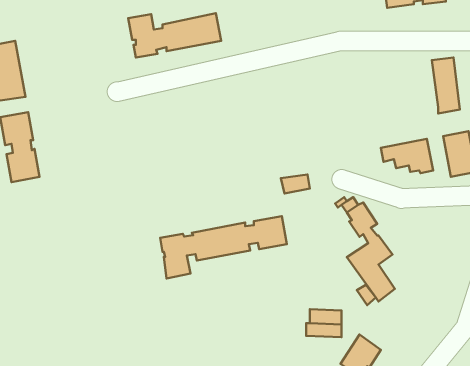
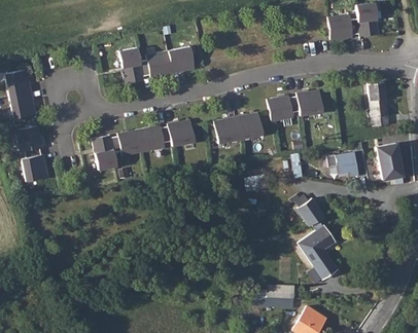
building: none -> [271,91,326,121]
building: none -> [215,114,264,145]
building: [160,216,287,278] -> [93,120,196,171]

